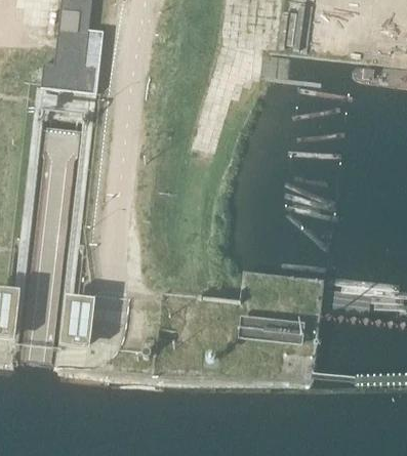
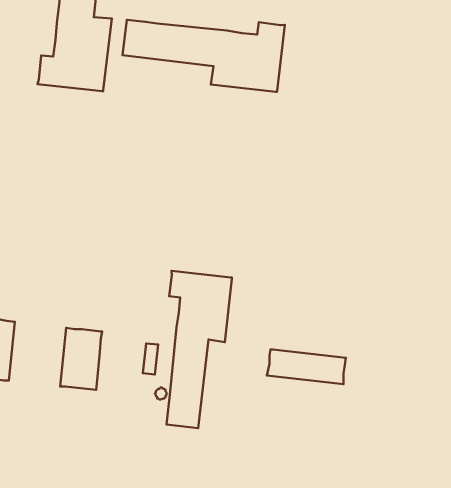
building: none -> [123,20,285,92]
building: none -> [166,271,232,428]

